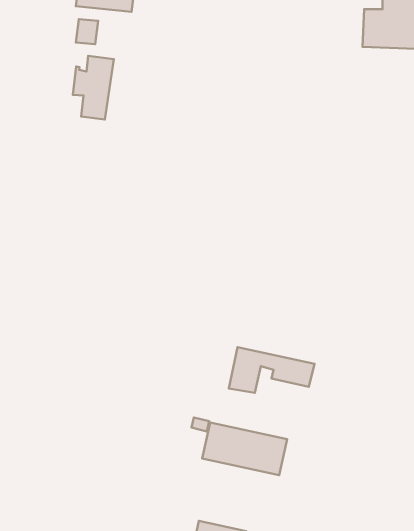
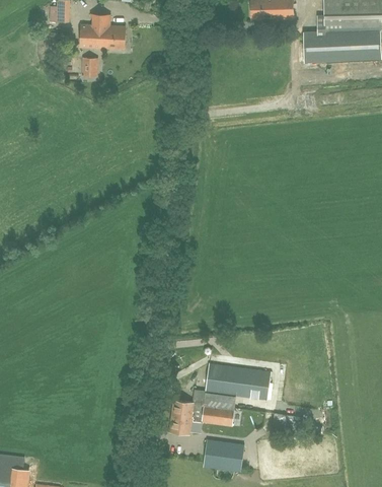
building: [73,56,114,120] -> none
building: [229,347,314,393] -> [169,399,234,433]

